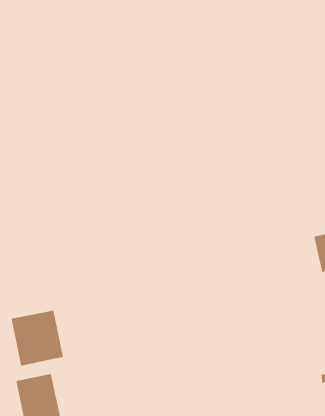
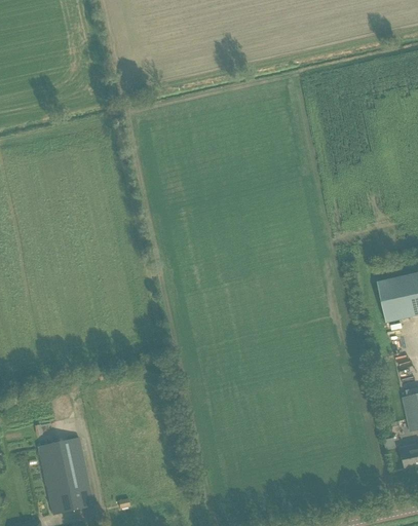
building: [11,310,63,366] -> none

